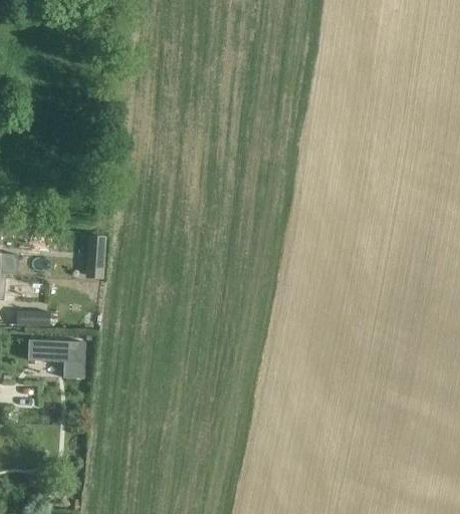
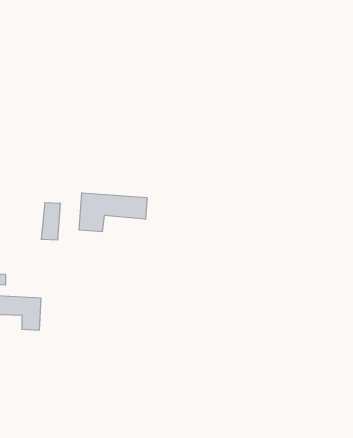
building: none -> [79,193,147,232]

